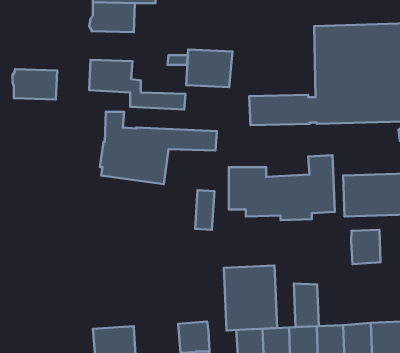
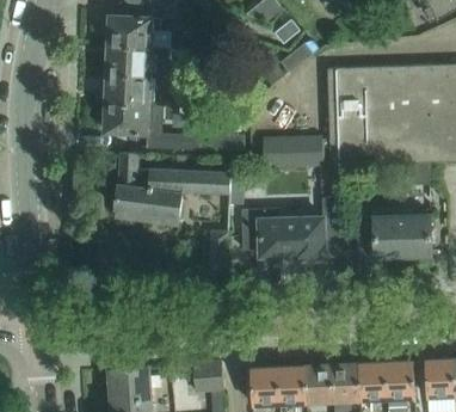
building: [186,50,232,87] -> none
building: [13,69,57,99] -> [105,73,149,103]
building: [351,230,381,264] -> none
building: [224,266,277,330] -> none
building: [294,283,319,327] -> none

